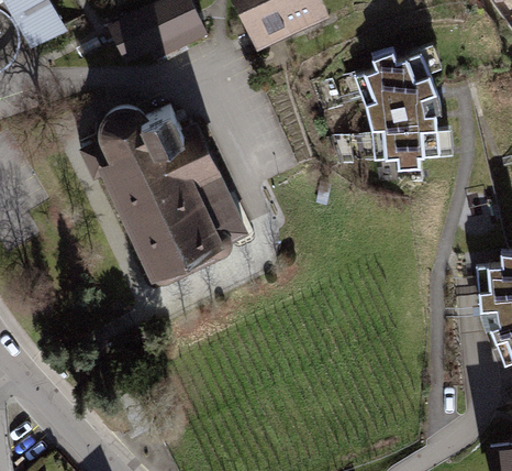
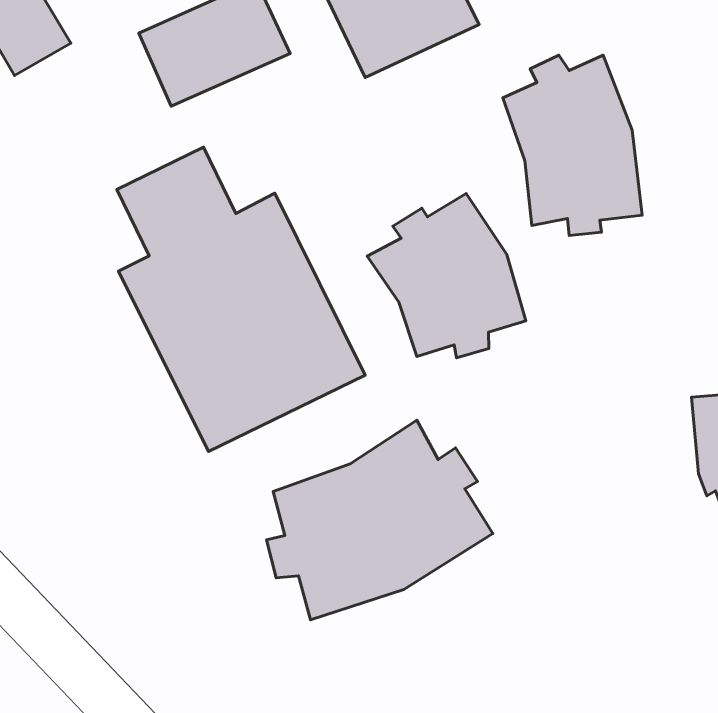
building: none -> [367,193,526,358]
building: none -> [267,420,493,620]

